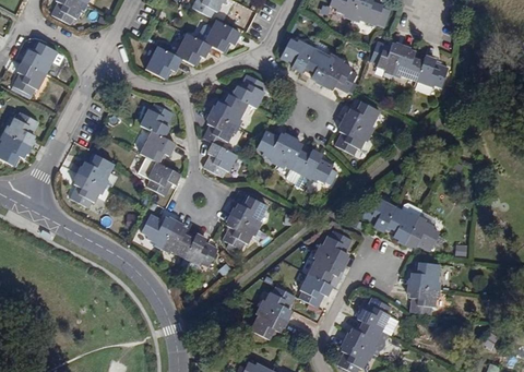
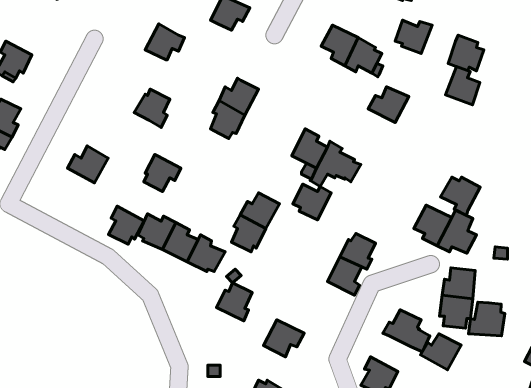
building: [177,34,212,64] -> none
building: [281,38,313,71] -> none
building: [24,41,59,73] -> none
building: [392,47,422,81] -> [445,67,480,105]
building: [233,74,265,108] -> none
building: [338,121,369,155] -> none
building: [140,131,175,163] -> none
building: [255,131,289,163] -> [293,184,331,220]
building: [205,143,237,176] -> none
building: [71,173,103,207] -> [109,206,144,244]
building: [361,197,396,231] -> [441,177,480,215]
building: [301,274,333,307] -> none
building: [264,286,296,320] -> [217,283,252,321]
building: none -> [469,302,505,336]
building: [347,322,383,353] -> [420,334,461,370]

